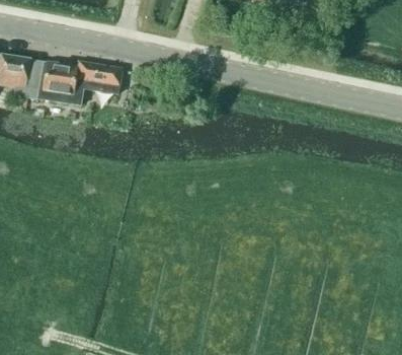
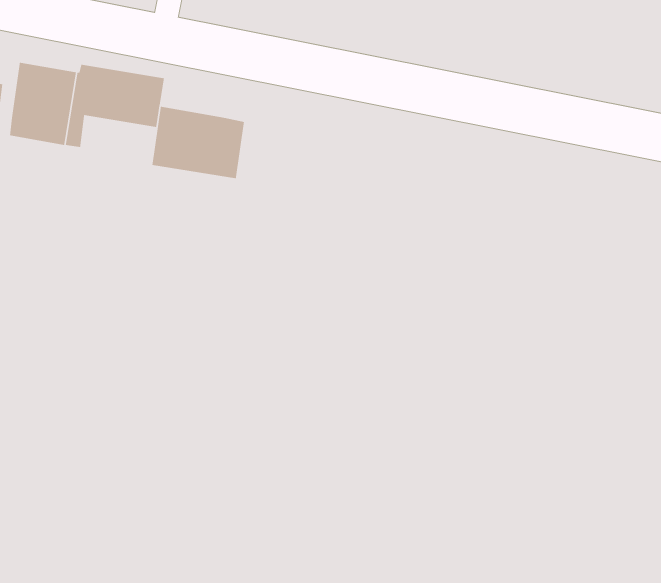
building: none -> [151,106,245,179]

